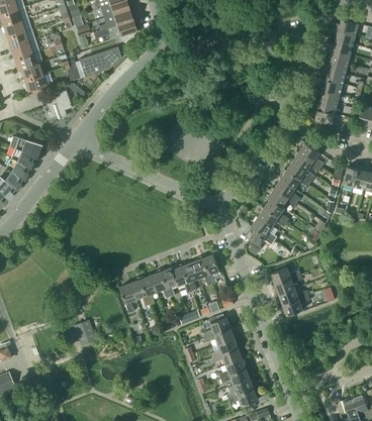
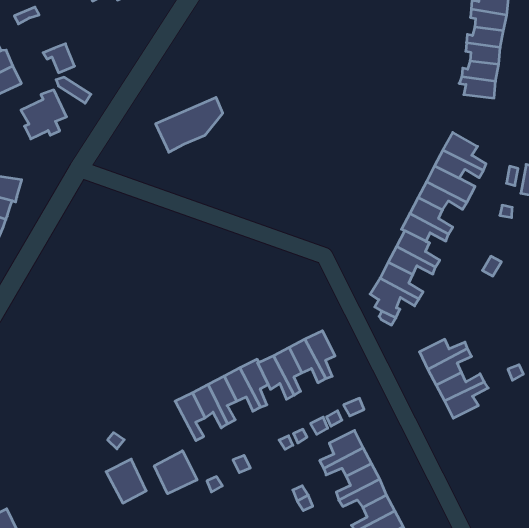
building: [79,47,120,78] -> [156,97,223,152]
building: none -> [154,451,197,494]

